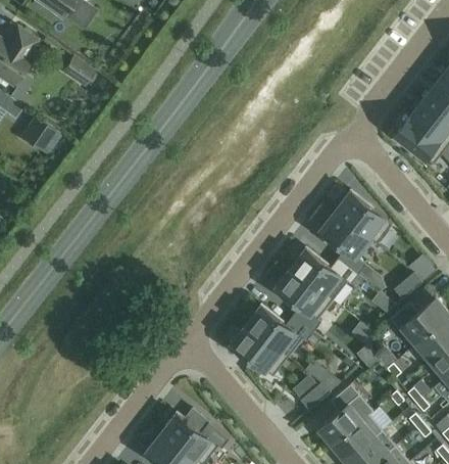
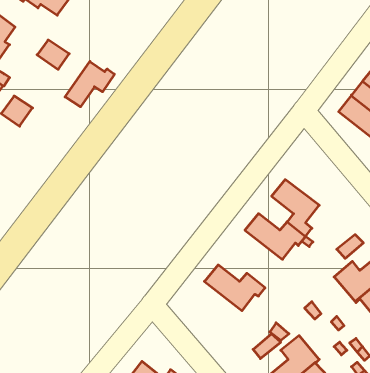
building: none -> [65,61,114,107]
building: [336,191,392,243] -> none
building: [276,267,333,331] -> none
building: [231,324,288,376] -> none

